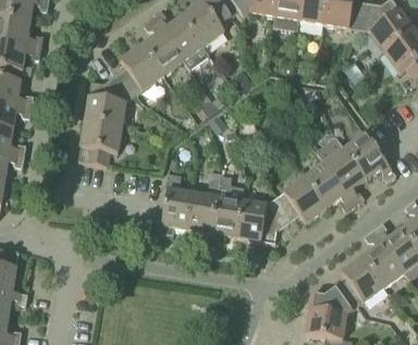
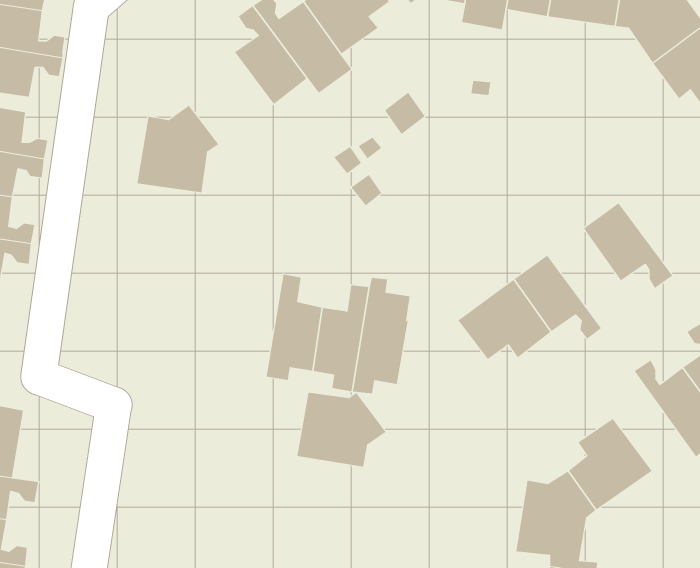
building: [115,45,164,98] -> none
building: [78,121,123,165] -> none
building: [315,136,366,205] -> none
building: [236,200,288,244] -> [296,392,387,467]
building: [361,230,404,287] -> none

